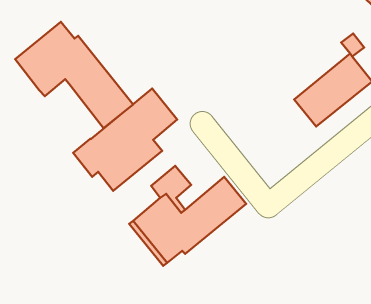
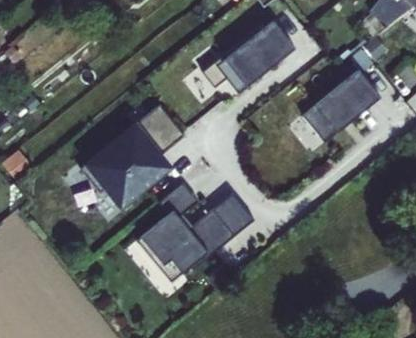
building: none -> [200,20,294,93]
building: [15,22,133,128] -> none

